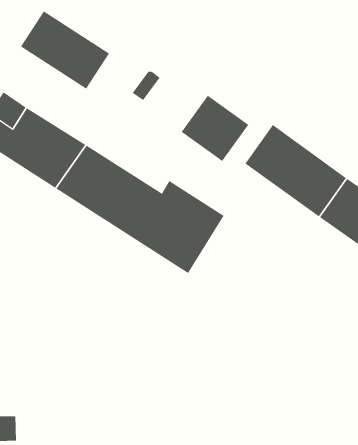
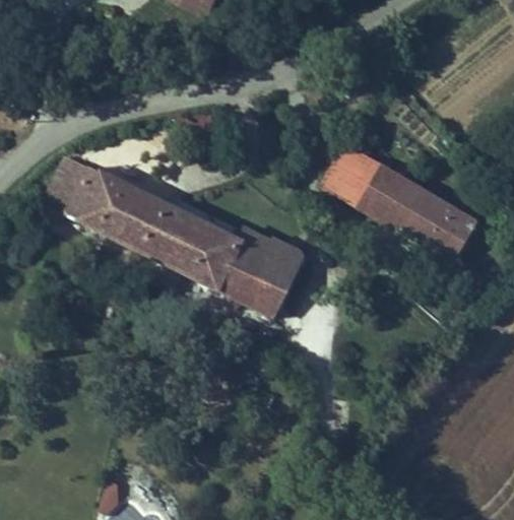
building: [20,11,110,89] -> none
building: [181,95,249,162] -> none

